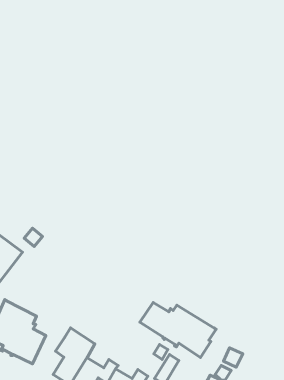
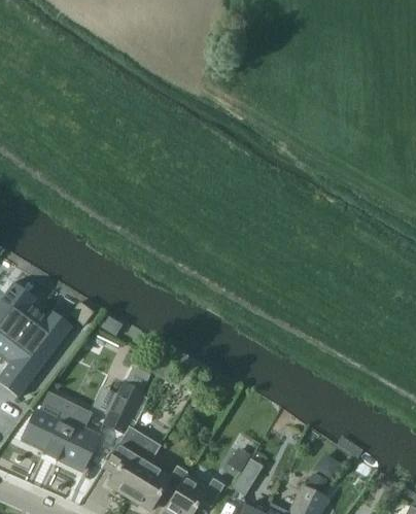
building: none -> [92,365,151,437]
building: [140,302,216,357] -> none

